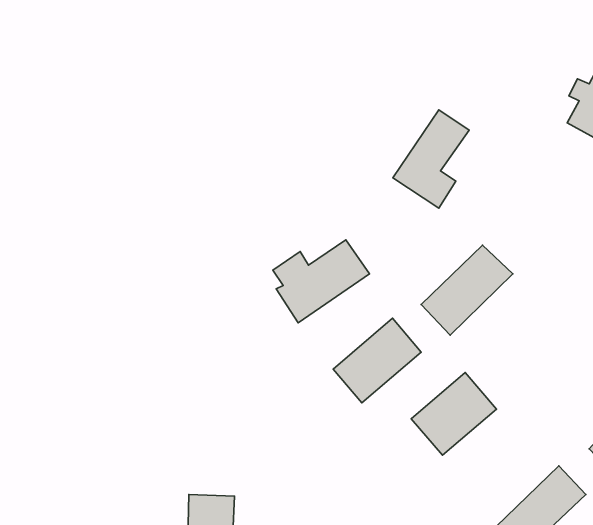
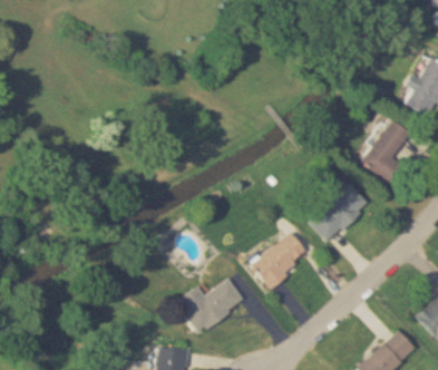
building: [393,110,469,208] -> [360,119,410,184]
building: [273,240,370,323] -> [179,279,243,333]
building: [411,373,496,455] -> none

